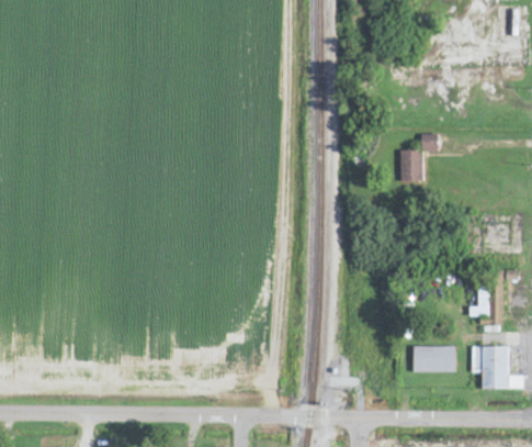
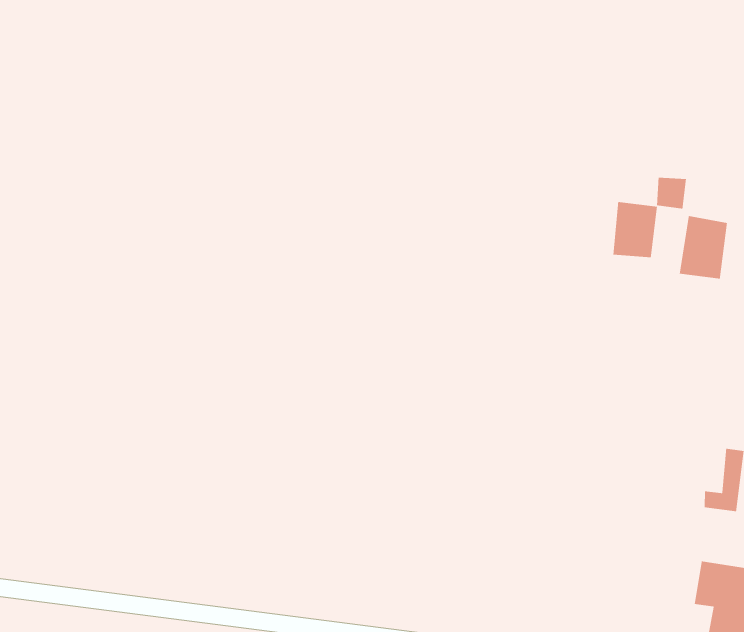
building: none -> [679,215,728,280]
building: [414,346,456,372] -> none

